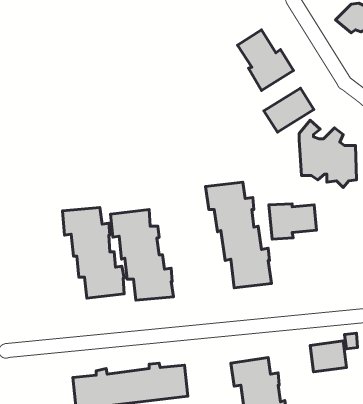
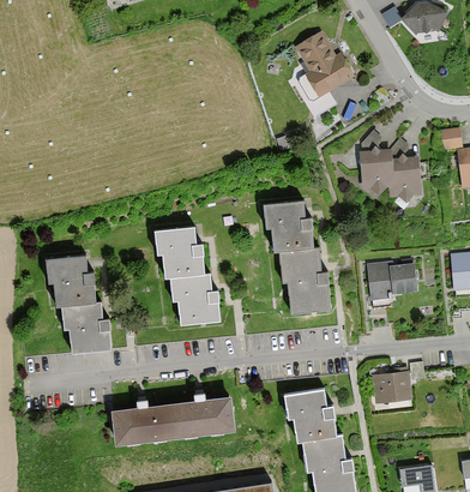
building: [264,88,314,132] -> none
building: [269,204,316,239] -> [366,263,417,301]
building: [62,208,124,298] -> [46,257,113,355]

